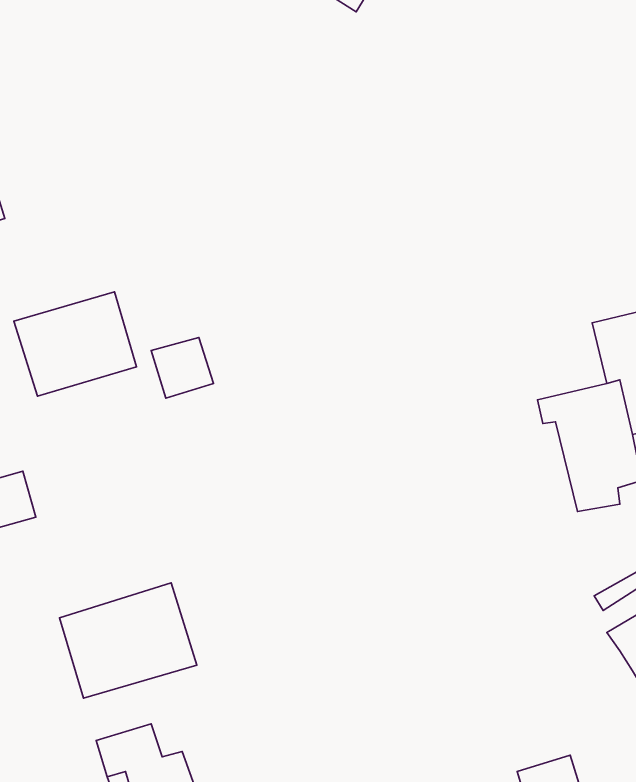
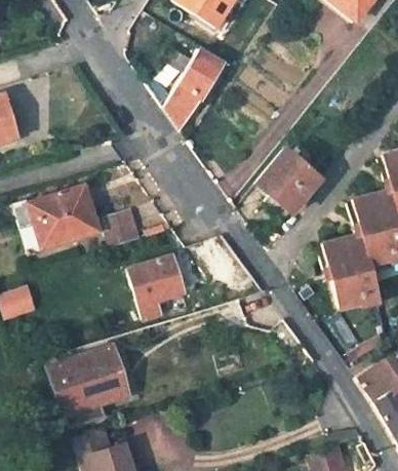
building: none -> [164,50,220,129]
building: none -> [255,149,318,211]
building: none -> [126,253,181,316]

